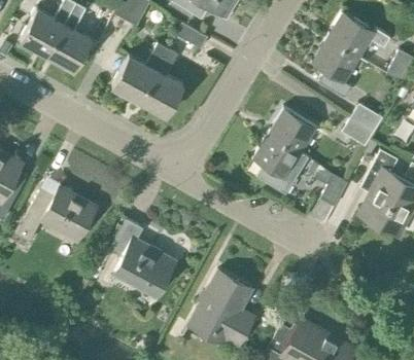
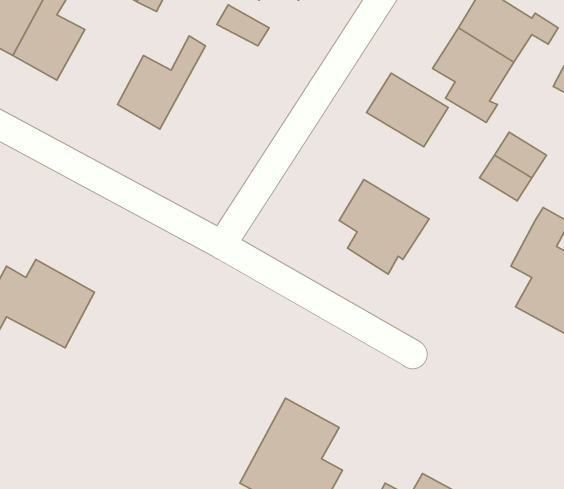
building: [139,48,183,115] -> none
building: [268,108,319,154] -> [367,73,448,147]
building: [313,166,348,207] -> none
building: [110,219,176,298] -> none

